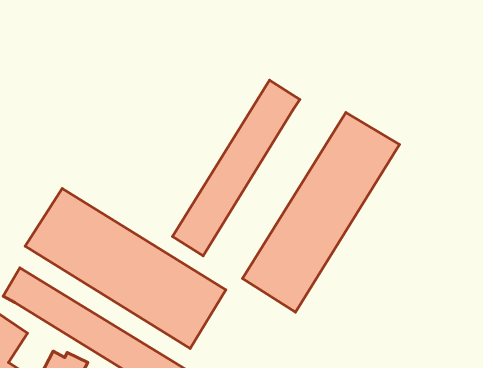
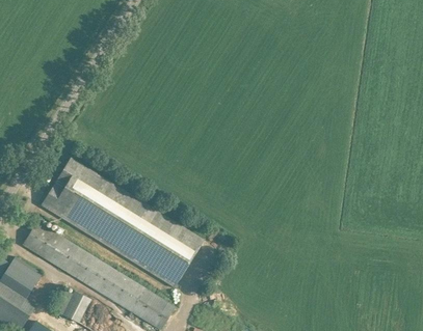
building: [173,80,300,256] -> none
building: [242,113,399,312] -> none

